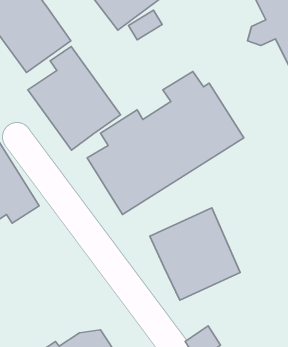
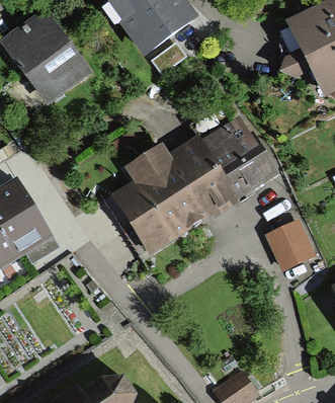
building: [28,46,121,150] -> none
building: none -> [267,218,317,269]
building: [150,208,240,300] -> none

